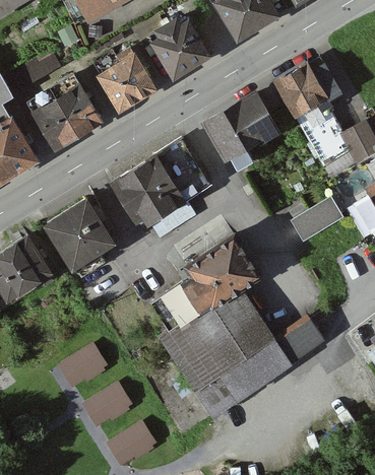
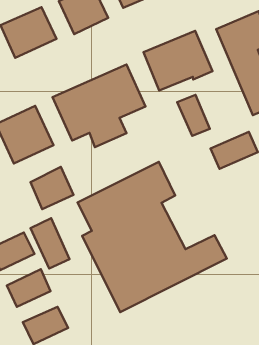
building: none -> [177,95,210,136]
building: none -> [30,167,73,209]
building: none -> [30,218,70,268]

